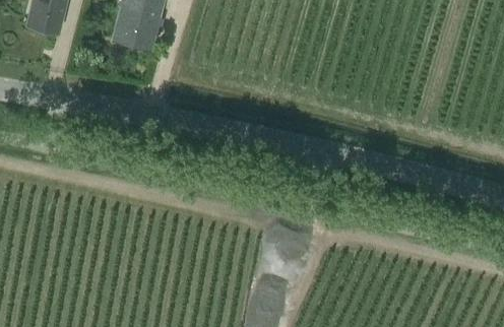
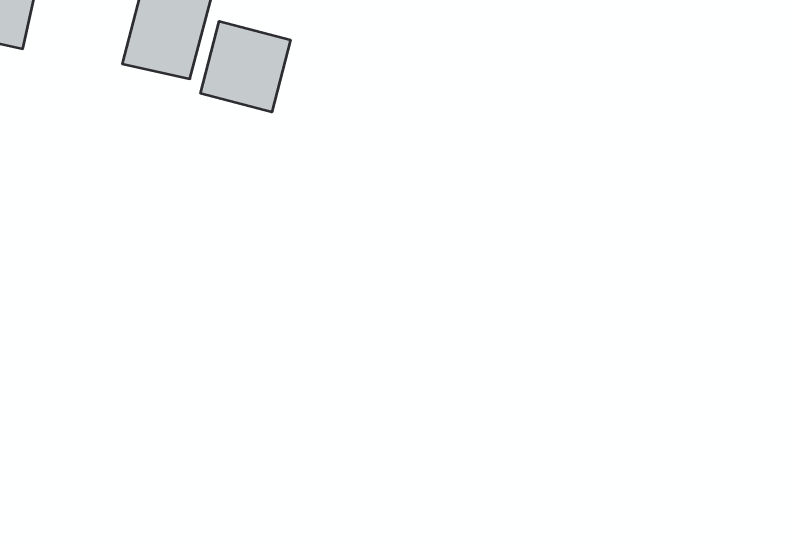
building: none -> [201,21,290,112]

